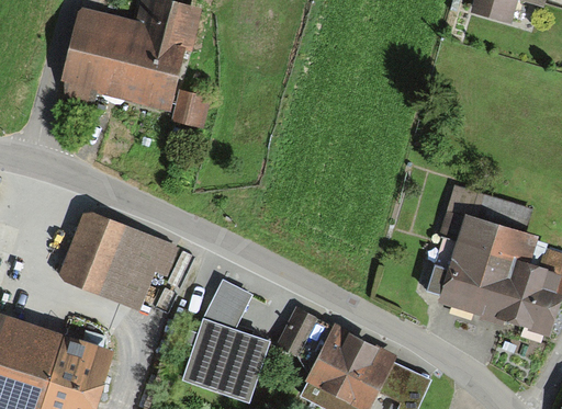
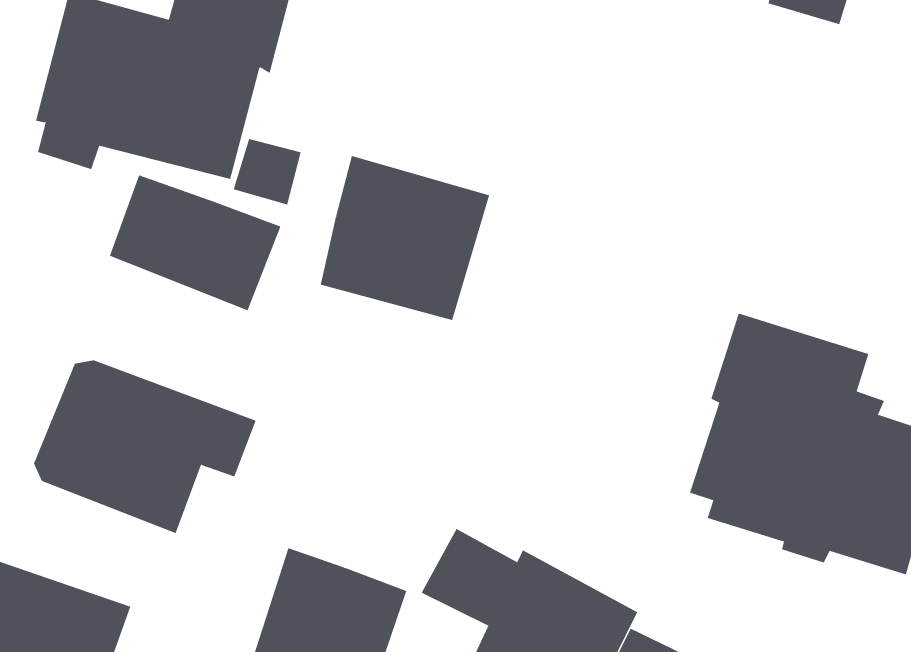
building: none -> [320,155,490,321]
building: none -> [109,174,281,311]
building: [202,280,254,330] -> none

